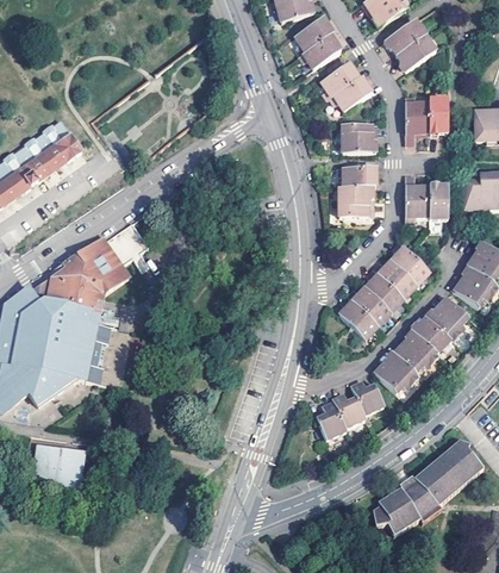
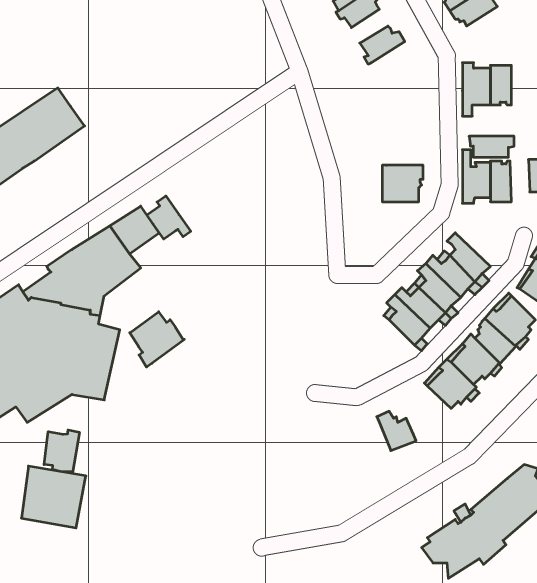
building: [329,77,367,112] -> none
building: [342,123,376,151] -> none
building: [338,167,376,185] -> [469,136,514,157]
building: none -> [147,196,191,239]
building: none -> [130,312,184,367]
building: [351,379,385,412] -> none
building: [318,400,348,438] -> none
building: none -> [44,430,79,473]

